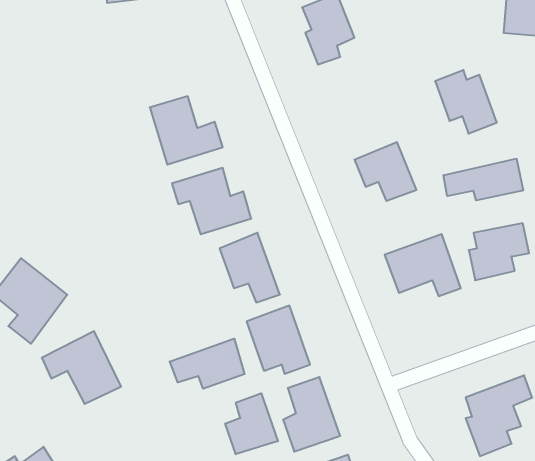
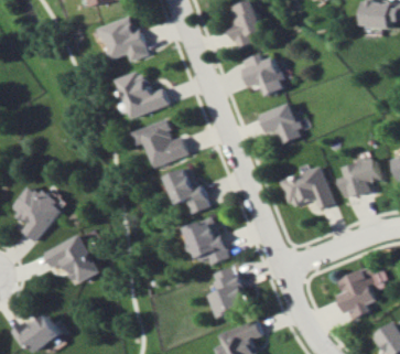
building: none -> [97,15,144,61]
building: [435,70,497,134] -> [238,53,281,97]
building: [444,159,523,200] -> none
building: [170,339,245,389] -> none
building: [225,393,278,454] -> none

